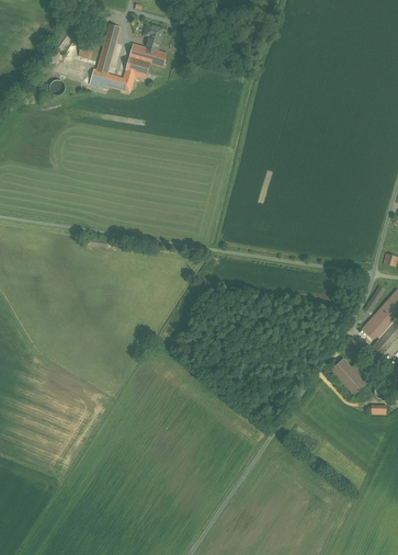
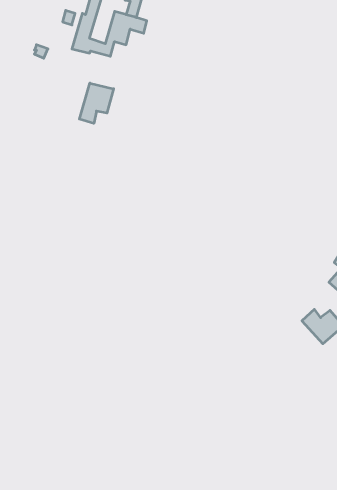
building: none -> [79,83,114,123]

